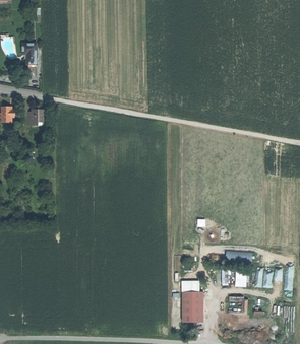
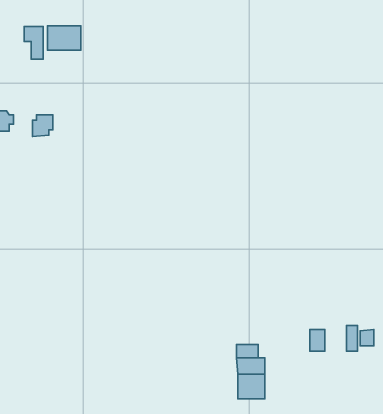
building: none -> [47,26,81,50]

